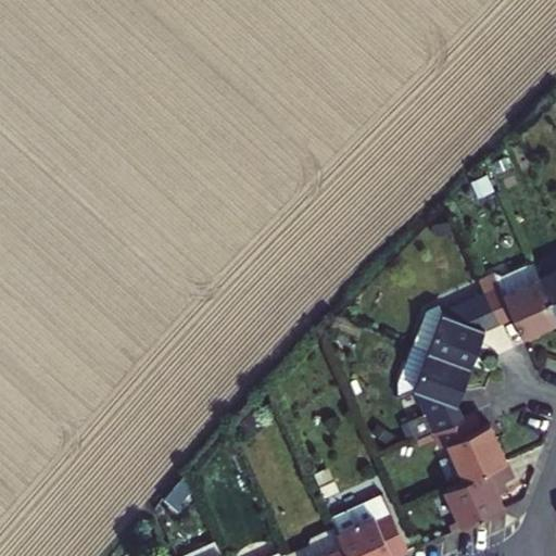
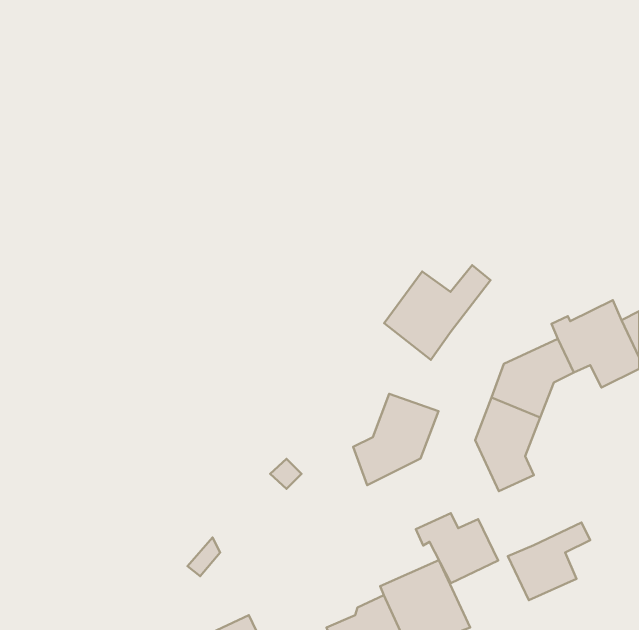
building: none -> [384,265,491,360]
building: none -> [353,394,439,485]
building: [433,420,505,481] -> [416,513,498,583]

